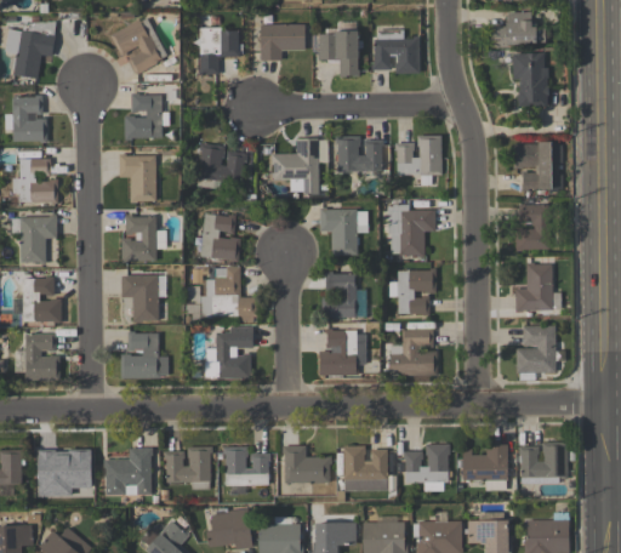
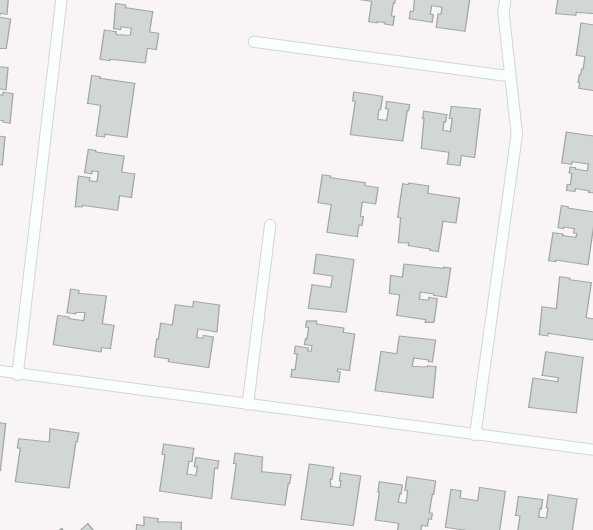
building: [272,138,329,194] -> none
building: [196,142,247,189] -> none
building: [200,213,241,262] -> none
building: [200,267,257,321] -> none
building: [121,274,159,323] -> none
building: [164,446,212,490] -> none

